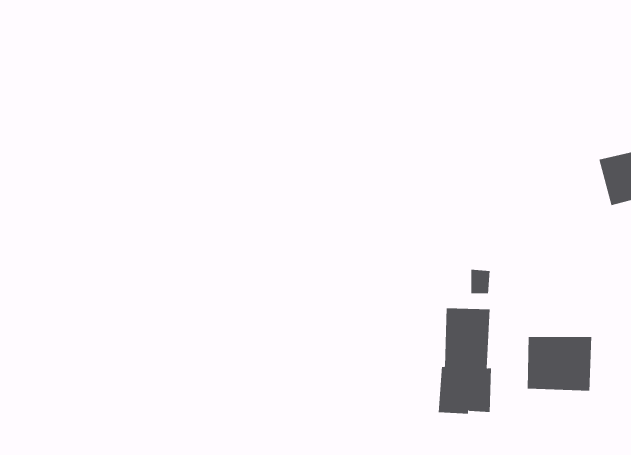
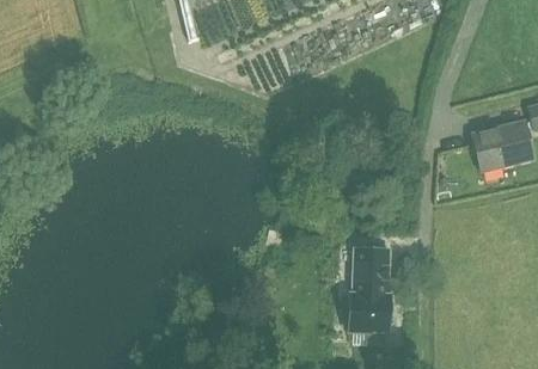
building: [527,336,592,391] -> none

